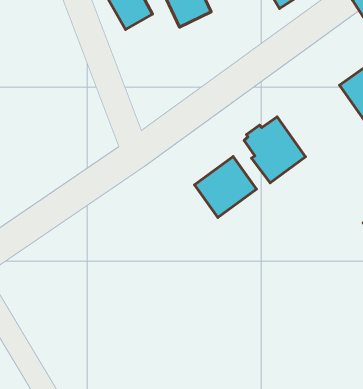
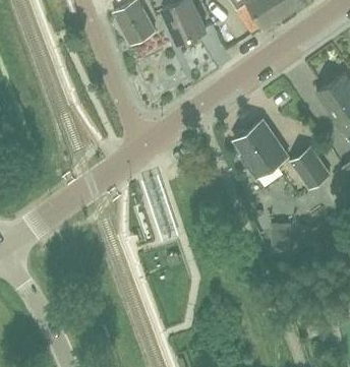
building: none -> [287,146,330,191]
building: [194,157,257,218] -> none

